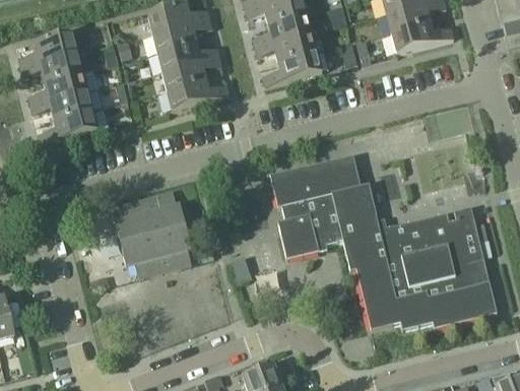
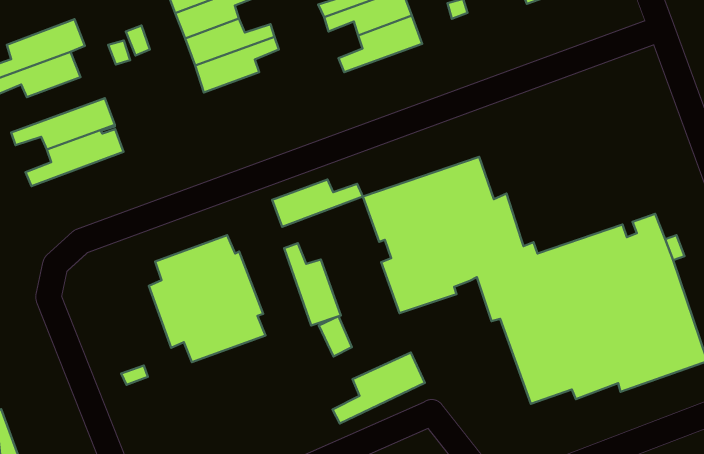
building: [28,69,98,105] -> none
building: [167,80,230,110] -> [272,180,363,227]
building: none -> [284,243,341,326]
building: none -> [333,352,425,423]

